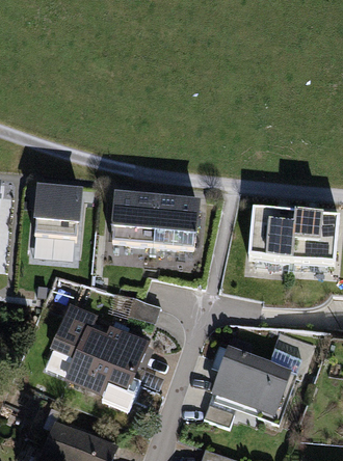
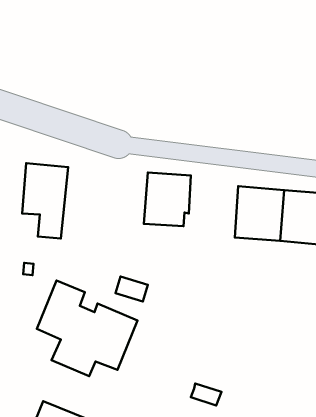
building: [113,193,161,247] -> none
building: [210,331,315,417] -> none

